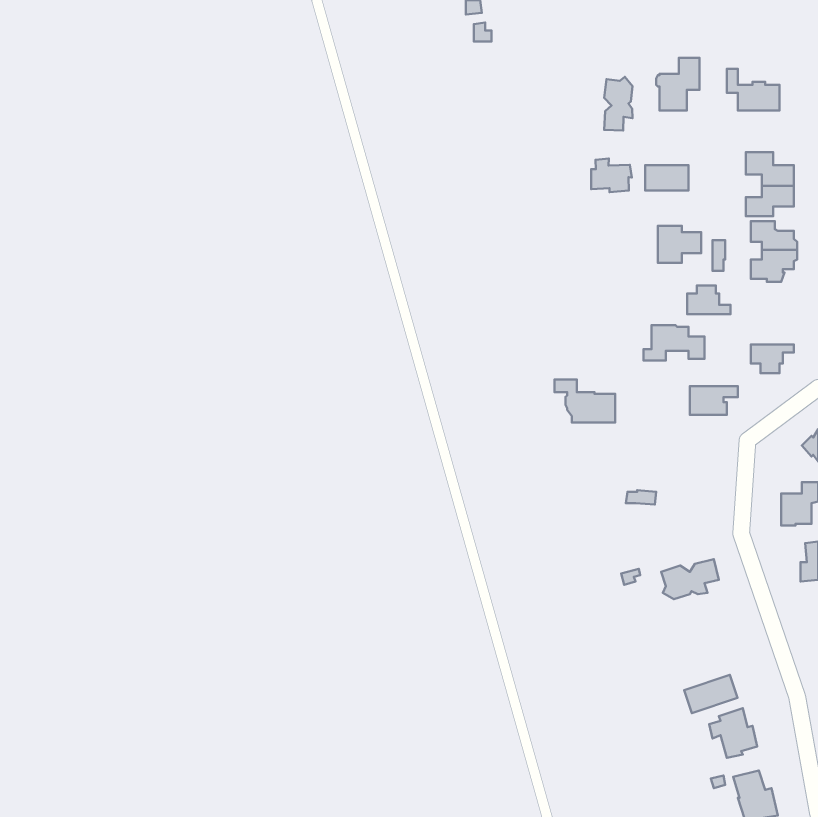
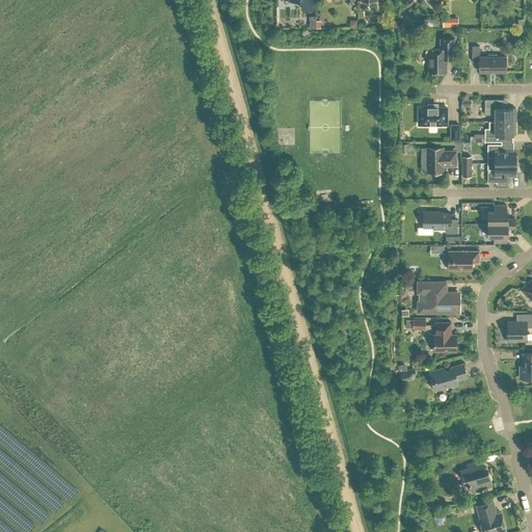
building: [604,77,632,131] -> none
building: [591,159,632,192] -> none
building: [687,285,730,314] -> [487,206,515,224]
building: [554,379,615,423] -> [419,284,458,312]
building: none -> [431,322,456,351]
building: [684,675,738,713] -> none

